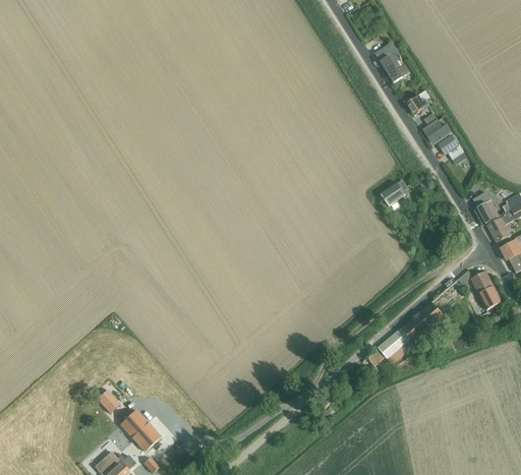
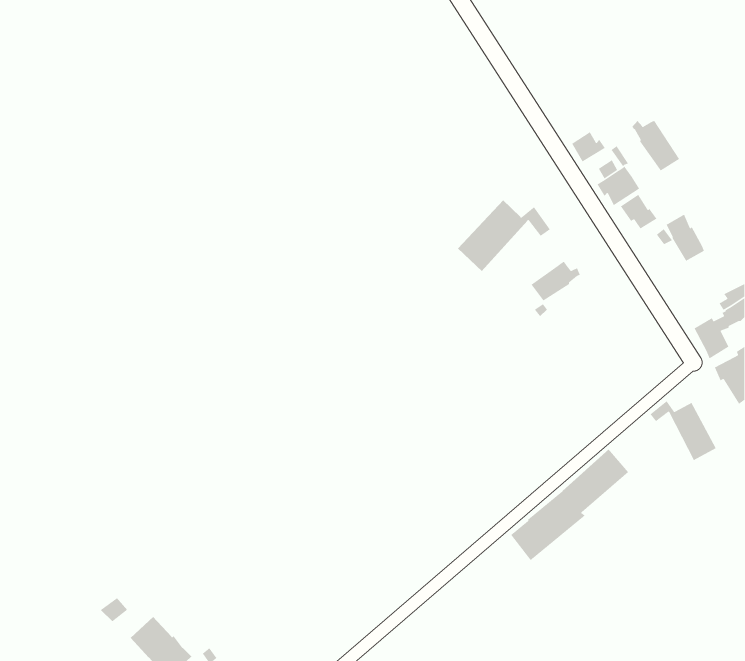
building: [374,42,410,81] -> none
building: none -> [631,120,680,171]
building: none -> [457,200,551,272]
building: [473,190,499,222] -> [666,213,705,262]

